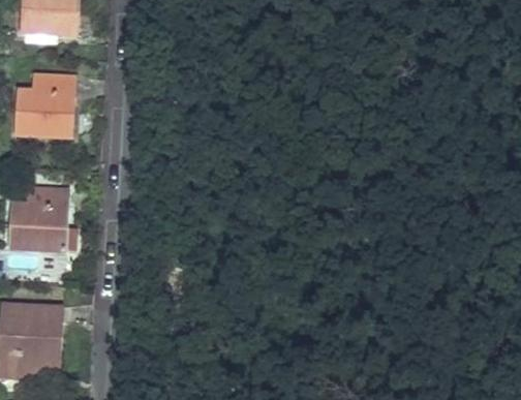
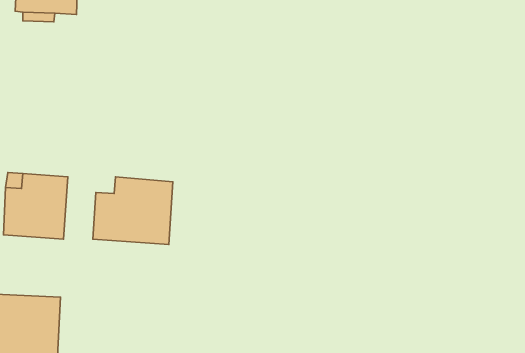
building: [14,73,75,136] -> none
building: none -> [93,177,173,244]

